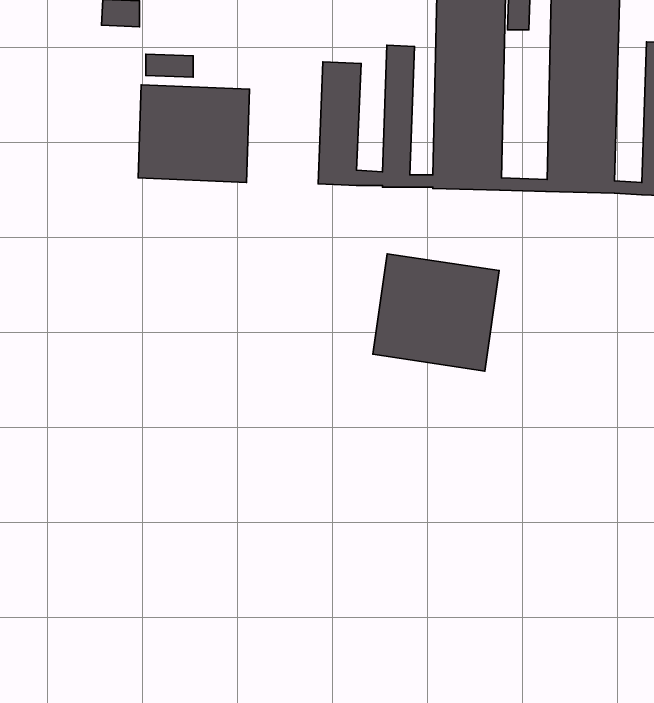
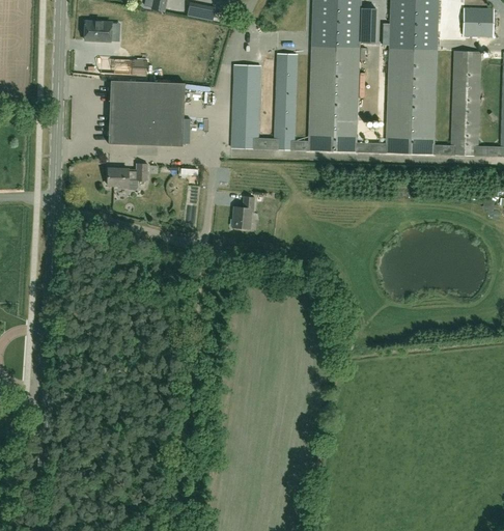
building: none -> [107,162,147,188]
building: [373,254,499,371] -> none
building: none -> [232,195,255,228]

